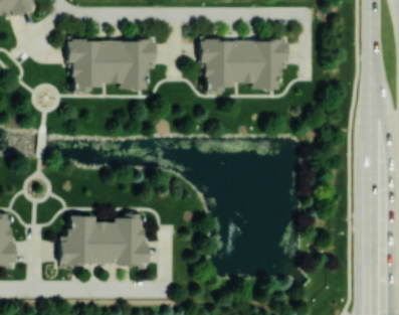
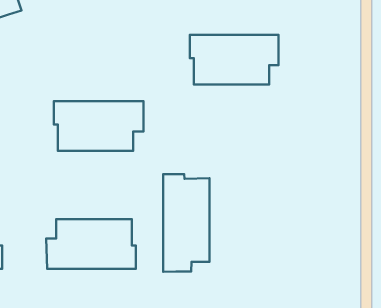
building: [67,39,156,89] -> [54,101,143,151]
building: none -> [163,174,210,272]

